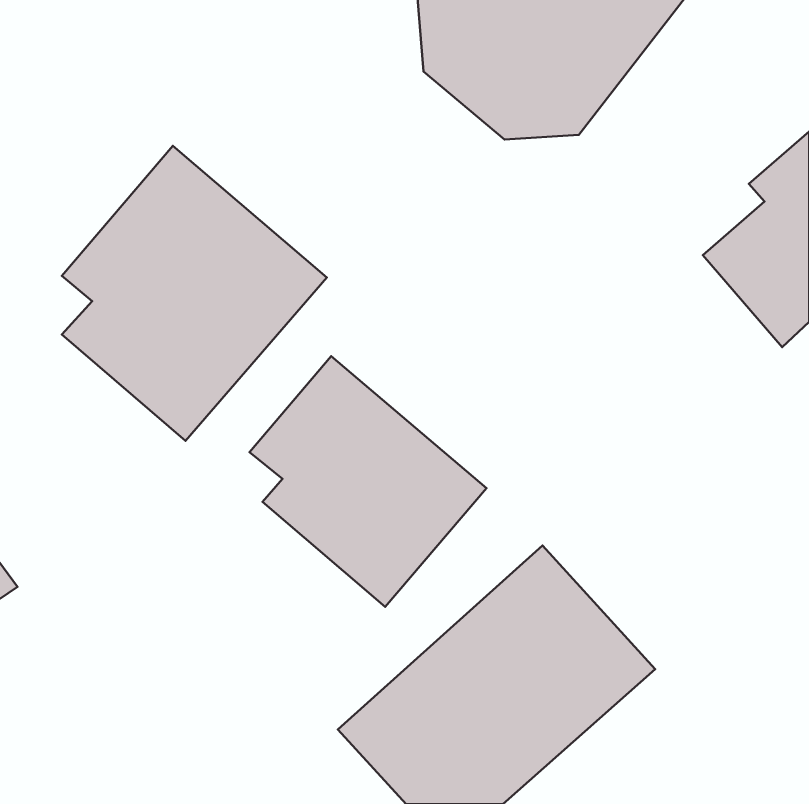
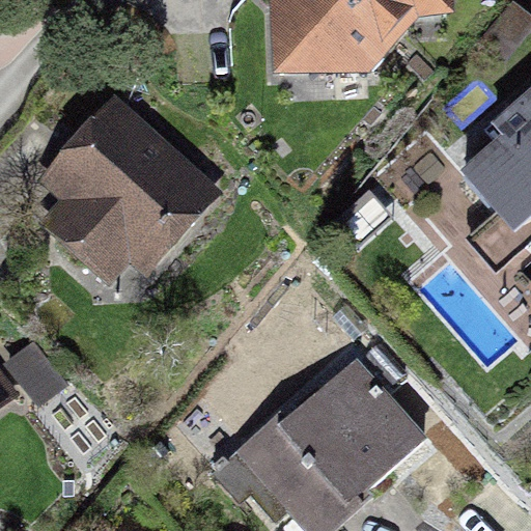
building: [250,356,487,607] -> none

